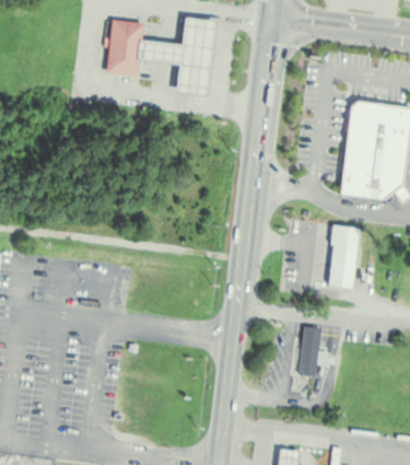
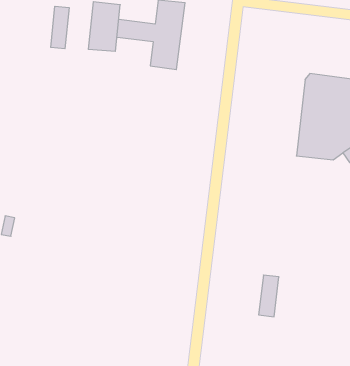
building: none -> [51,6,69,49]
building: [329,224,359,287] -> none

